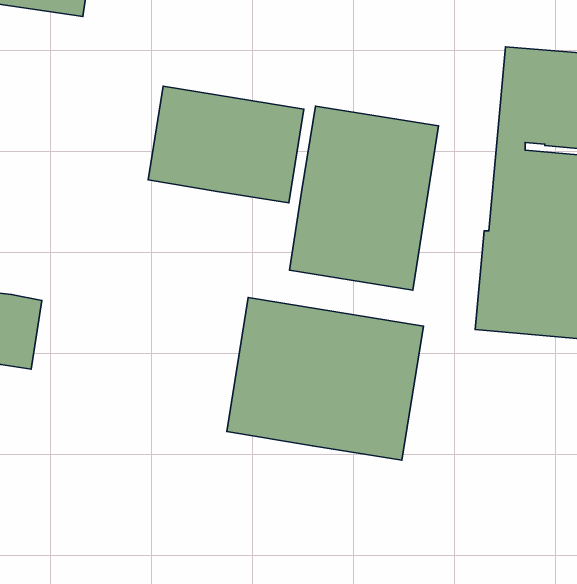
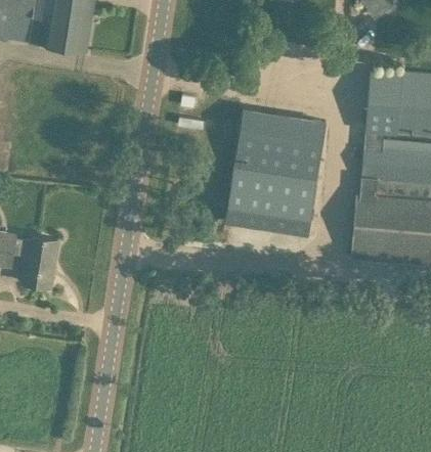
building: [148,86,304,203] -> none
building: [227,297,423,460] -> none

